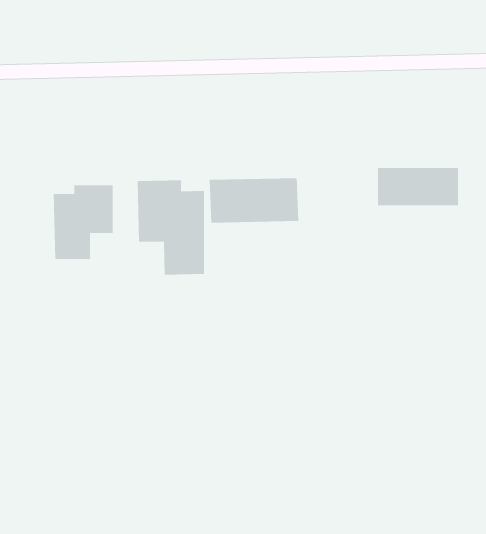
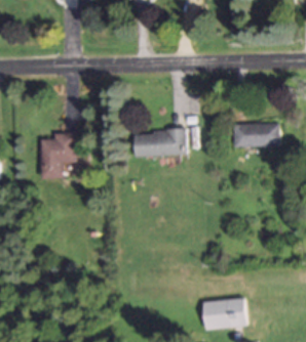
building: [137,180,205,275] -> none
building: none -> [203,298,247,330]

